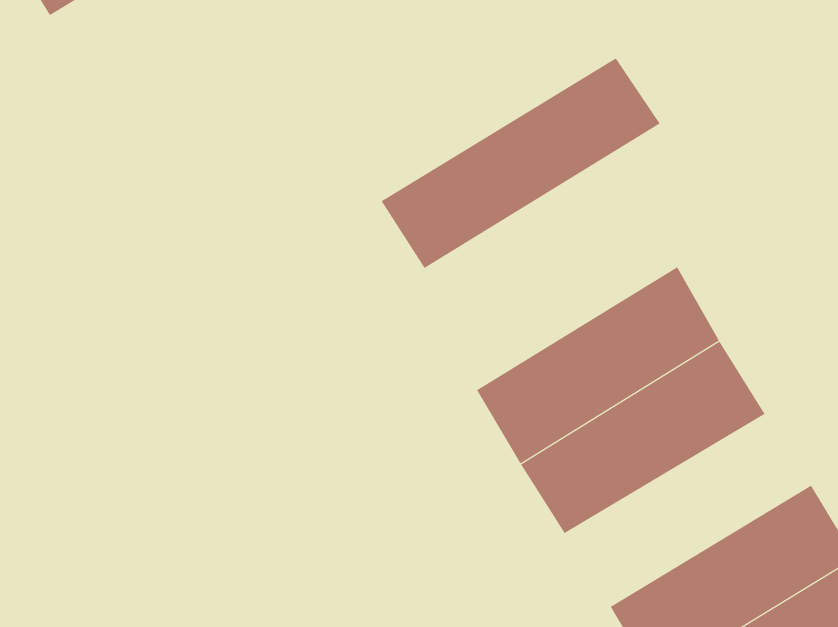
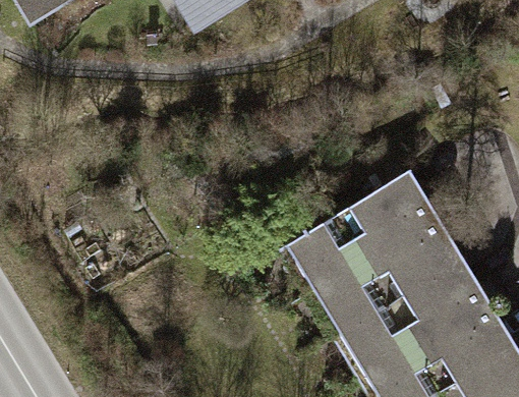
building: [381,58,661,269] -> none
building: none -> [341,259,489,375]

